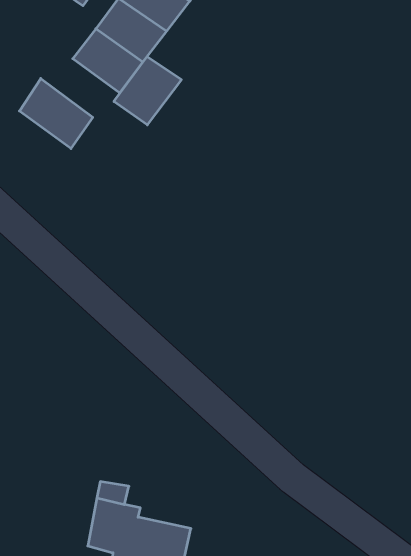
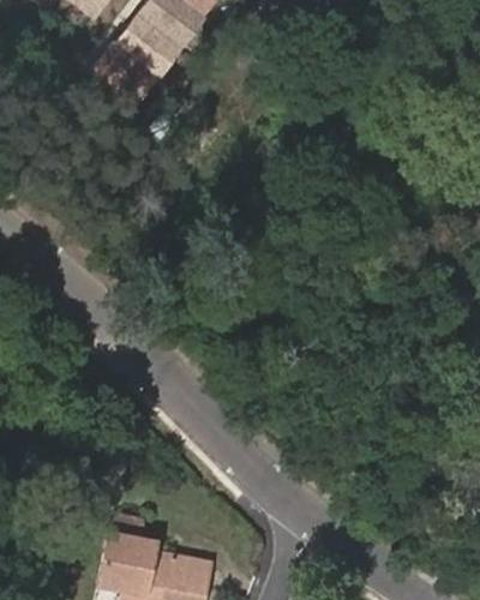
building: [114,57,181,125] -> none
building: [19,78,93,149] -> none

